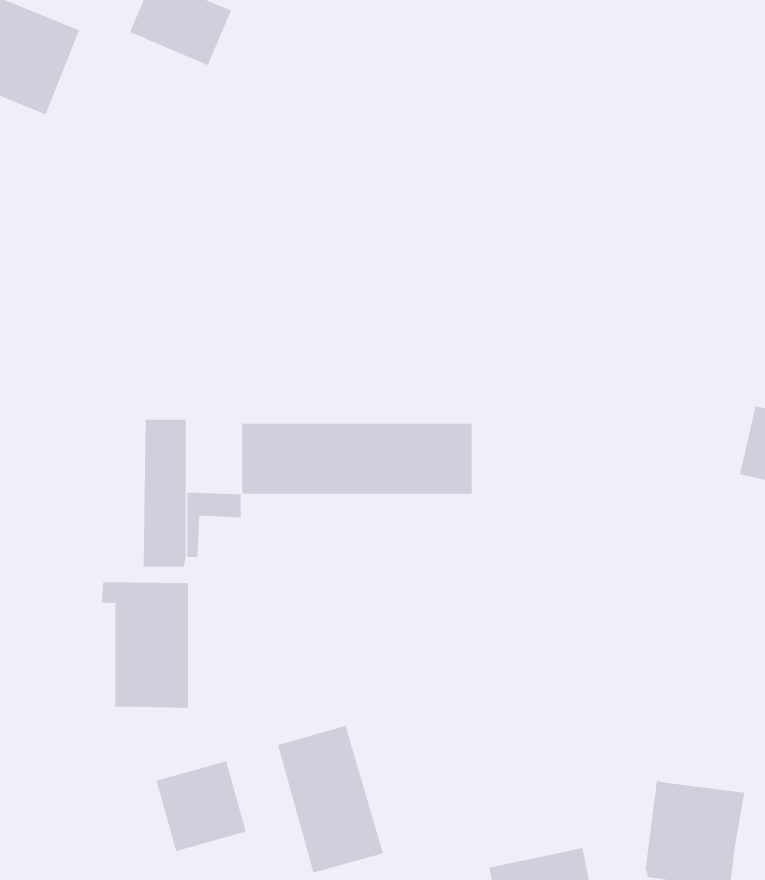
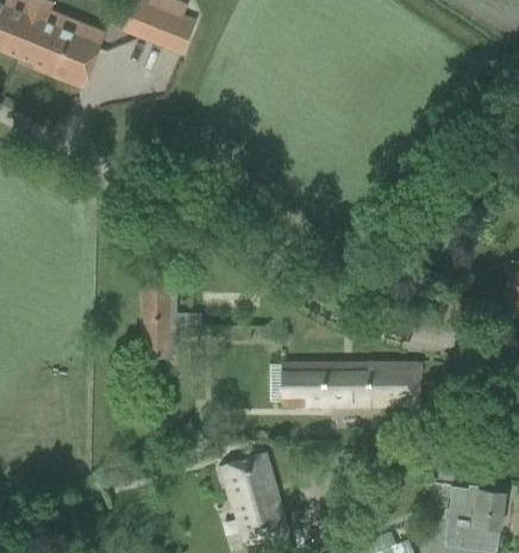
building: [242,423,473,494] -> [281,362,420,405]
building: [101,582,189,708] -> none
building: [156,761,246,852] -> none

